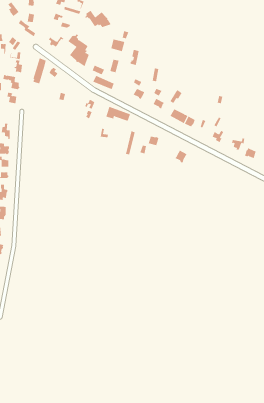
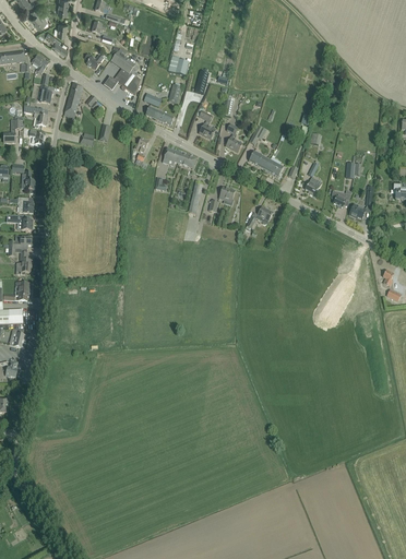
building: [84,10,112,28] -> none

